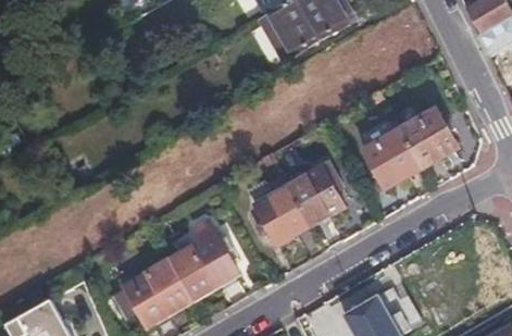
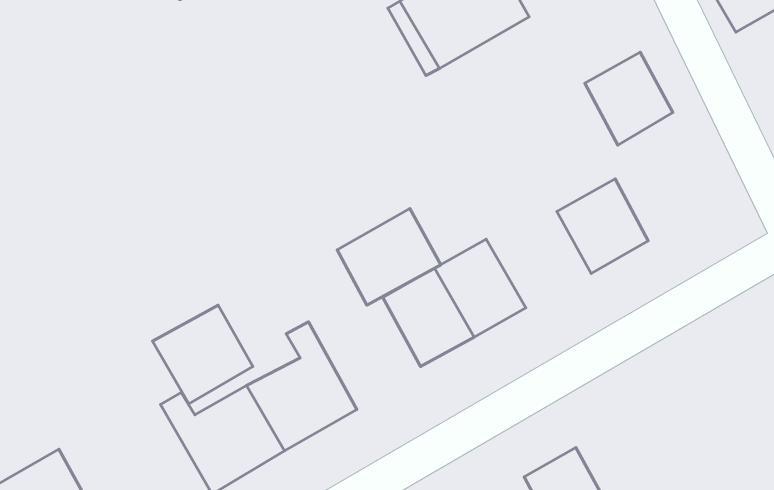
building: [402,105,458,164] -> [585,52,673,145]
building: none -> [337,208,441,305]
building: none -> [153,305,253,404]

